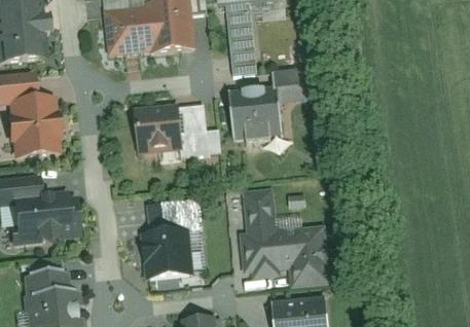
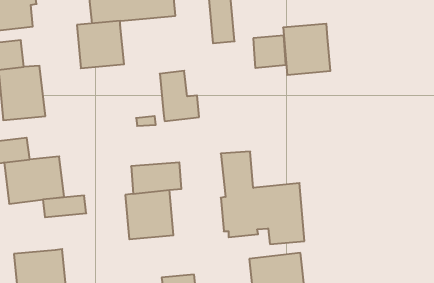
building: [231,86,281,140] -> [283,24,330,75]
building: [133,103,182,152] -> [77,21,124,68]
building: [24,272,69,295] -> [43,196,86,217]

